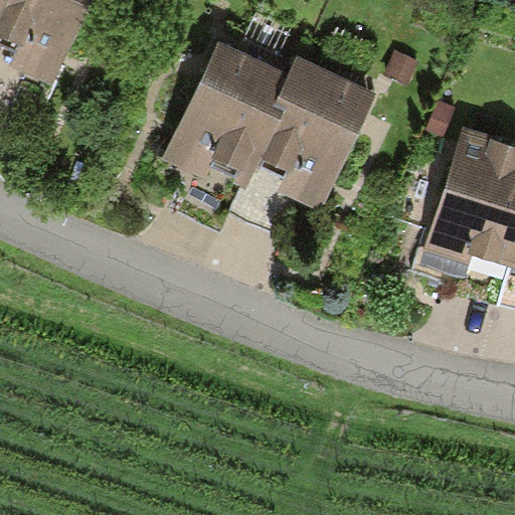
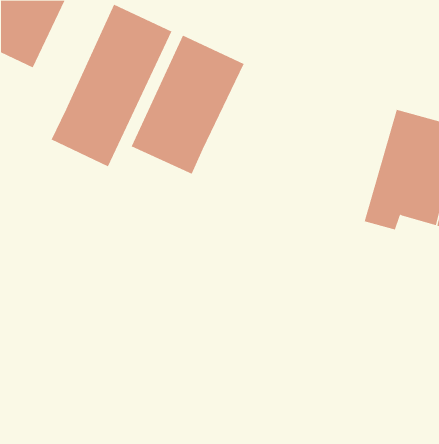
building: none -> [51,4,172,167]
building: [242,56,368,207] -> none

